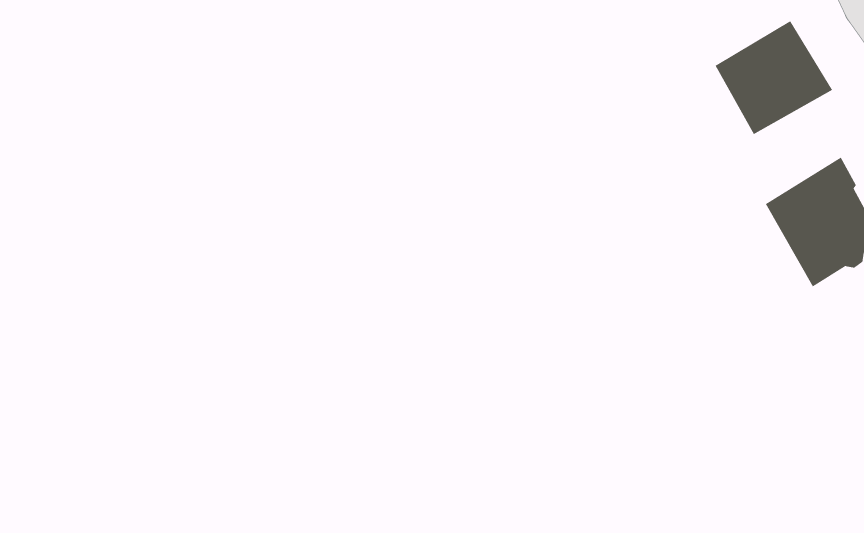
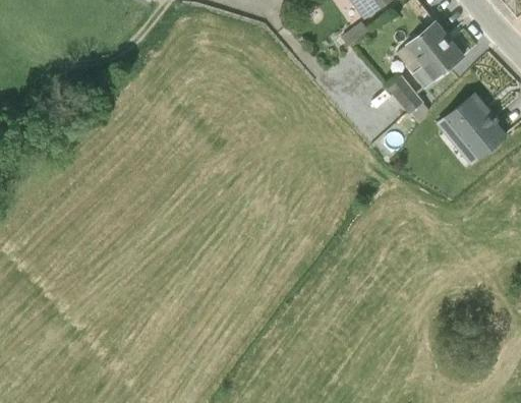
building: none -> [381,72,421,115]

